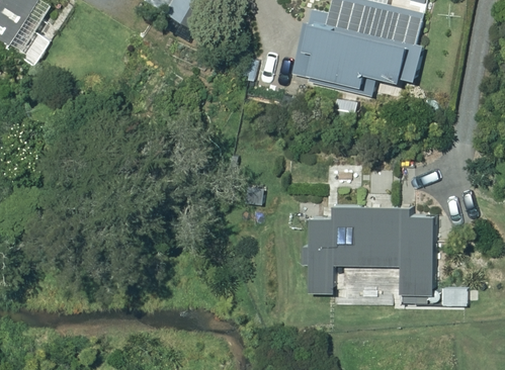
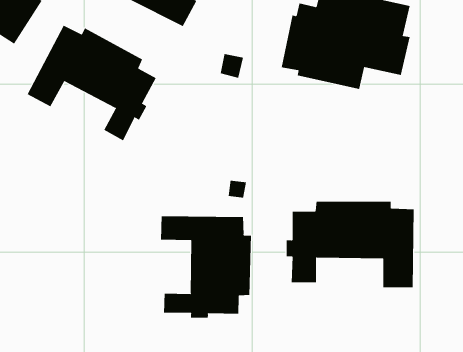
building: none -> [27,25,156,141]
building: none -> [160,215,251,319]

